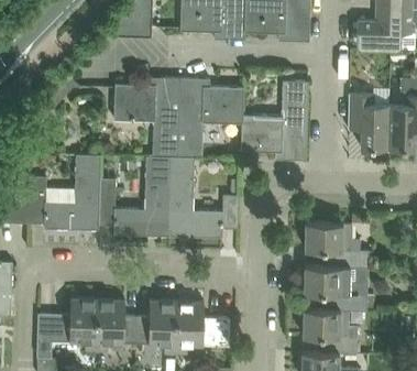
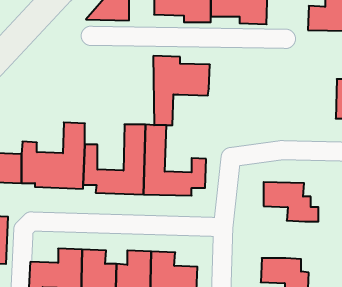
building: [114,78,180,157] -> none
building: [241,81,308,161] -> none
building: [348,94,389,150] -> none
building: [305,265,366,310] -> none

